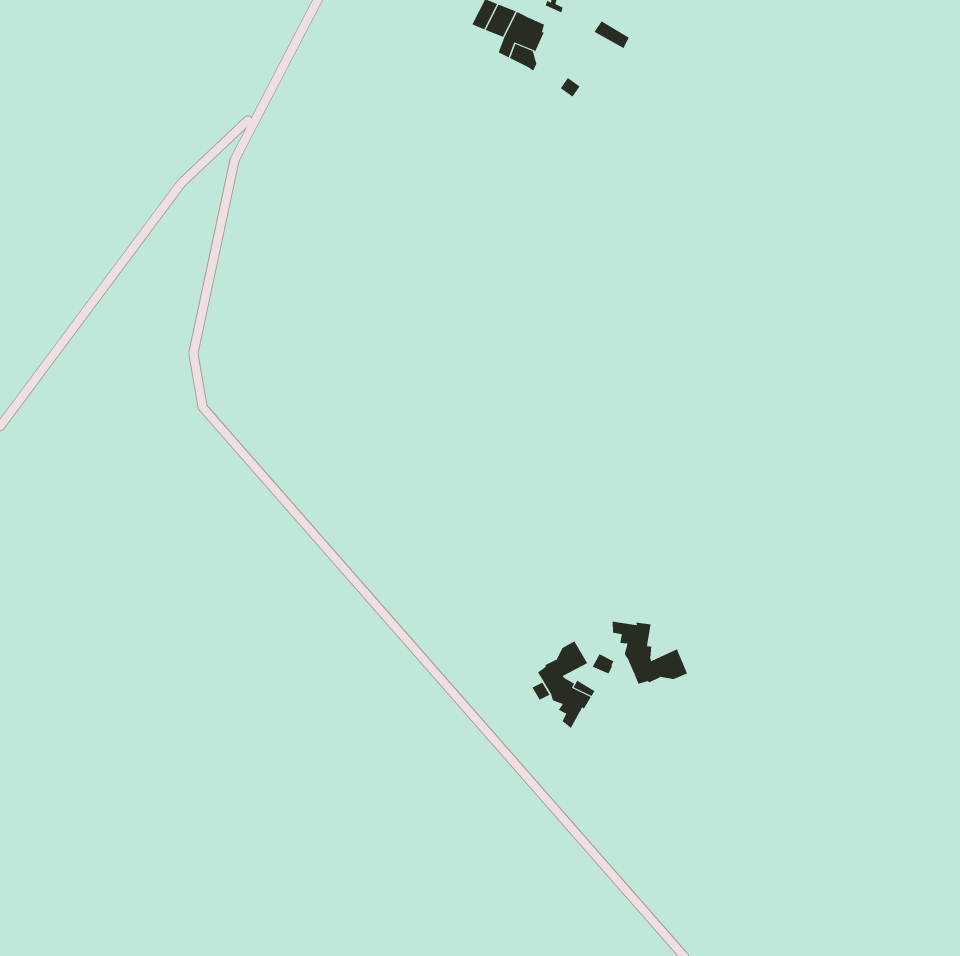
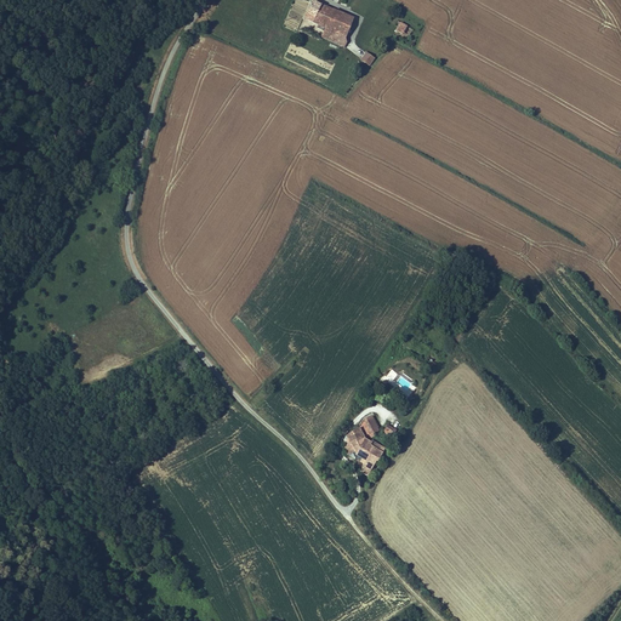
building: [612,621,688,685] -> none

